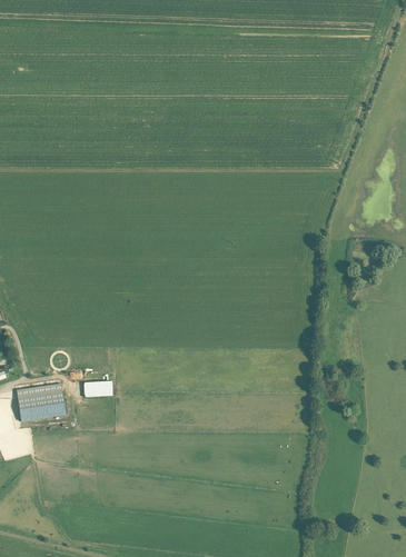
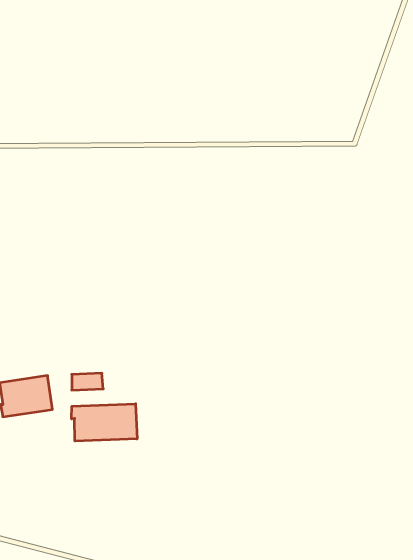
building: none -> [72,404,137,441]

